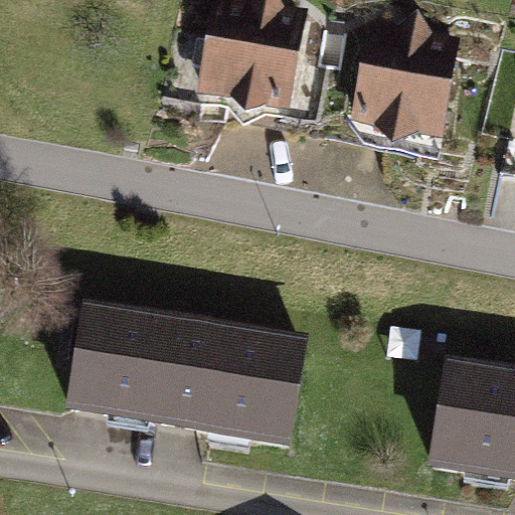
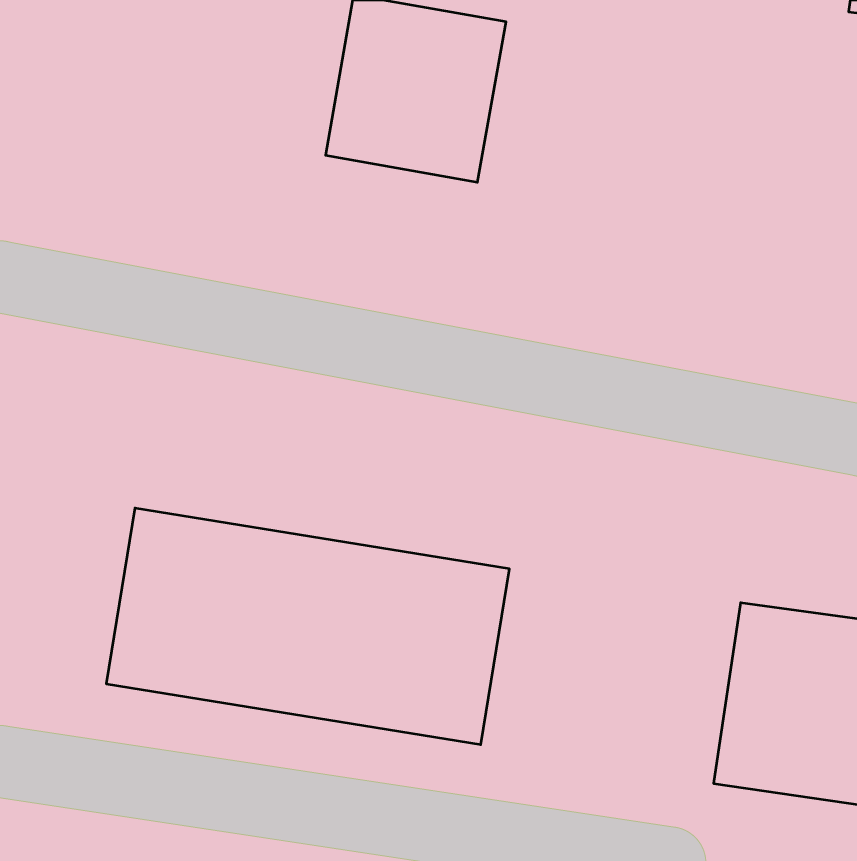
building: [349,23,457,136] -> none

